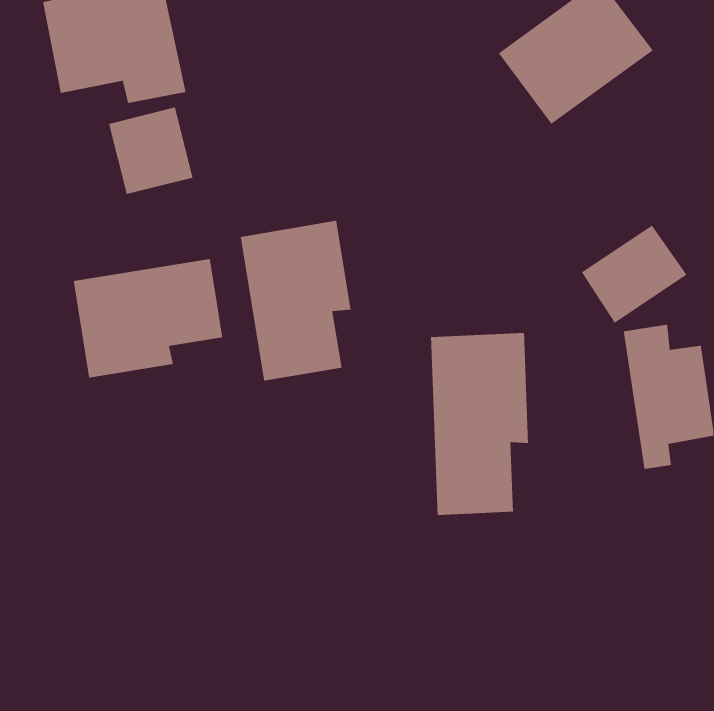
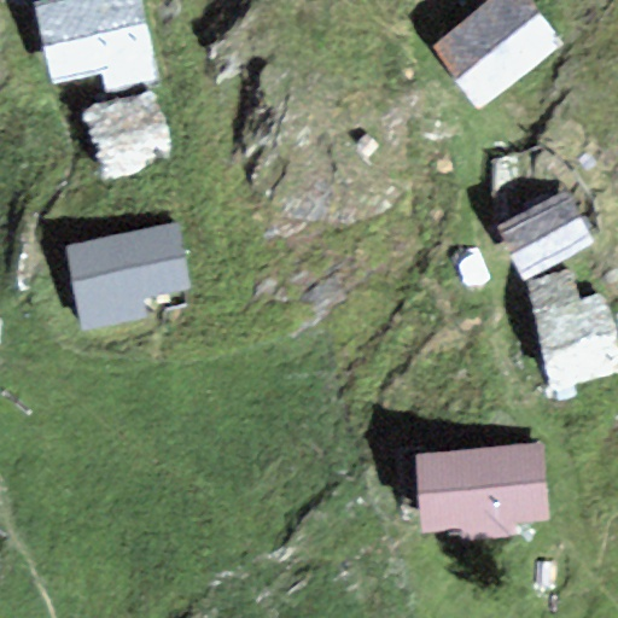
building: [240,220,352,381] -> none
building: [430,332,529,516] -> none
building: none -> [414,448,547,537]

